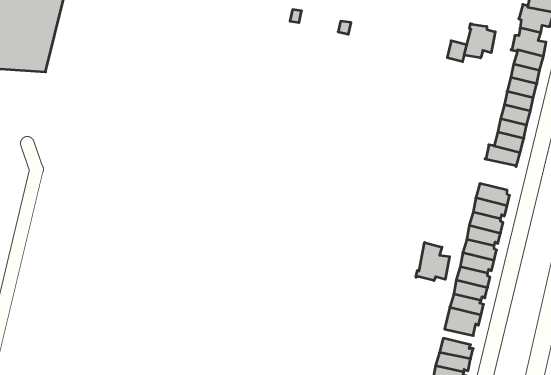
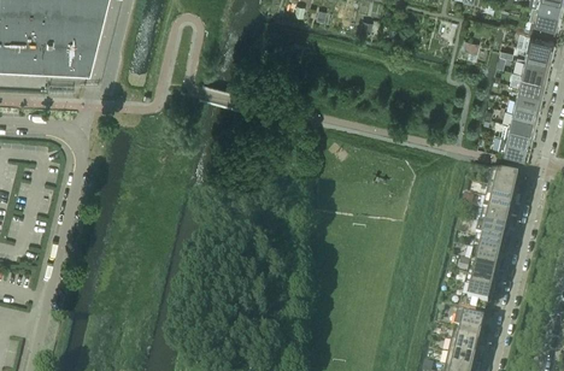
building: [464,24,495,58] -> none
building: [416,242,450,281] -> none

